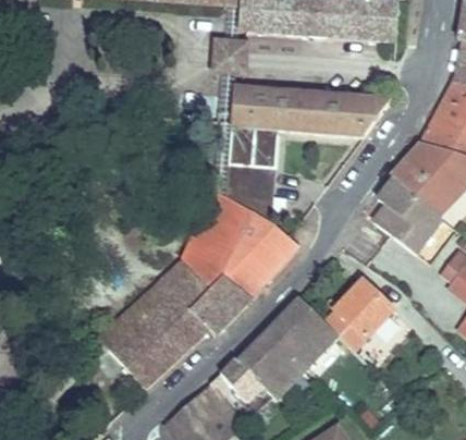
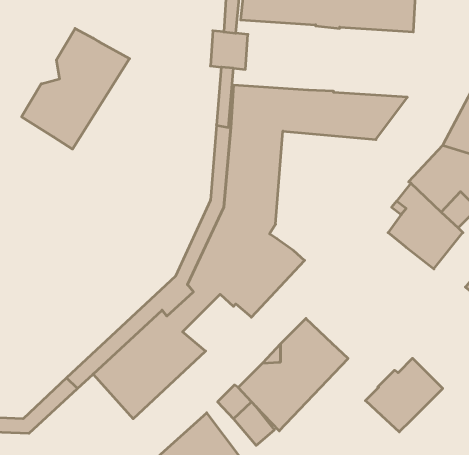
building: none -> [22,28,130,149]
building: [188,276,250,332] -> none
building: [323,282,393,349] -> [365,358,443,432]

